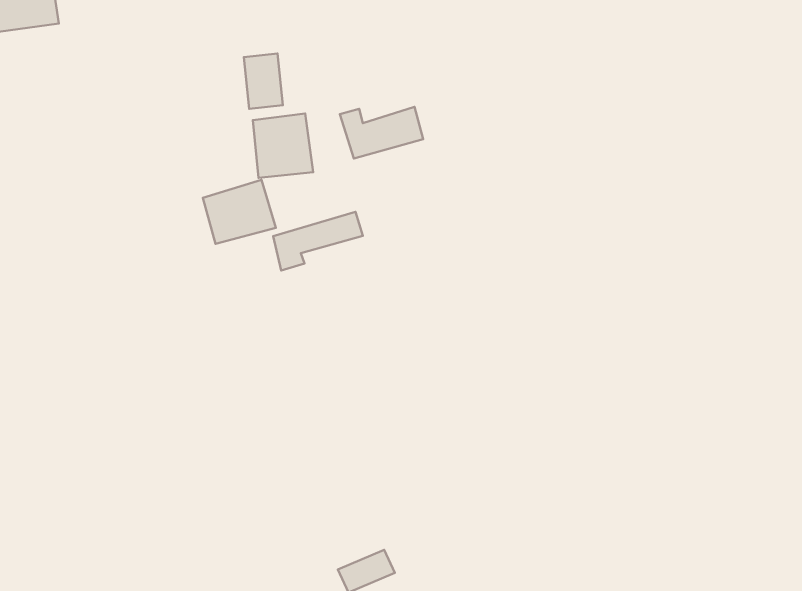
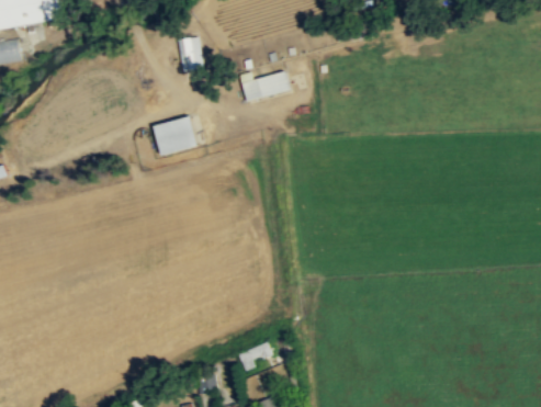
building: [253,114,313,178] -> none
building: [273,212,363,270] -> none

